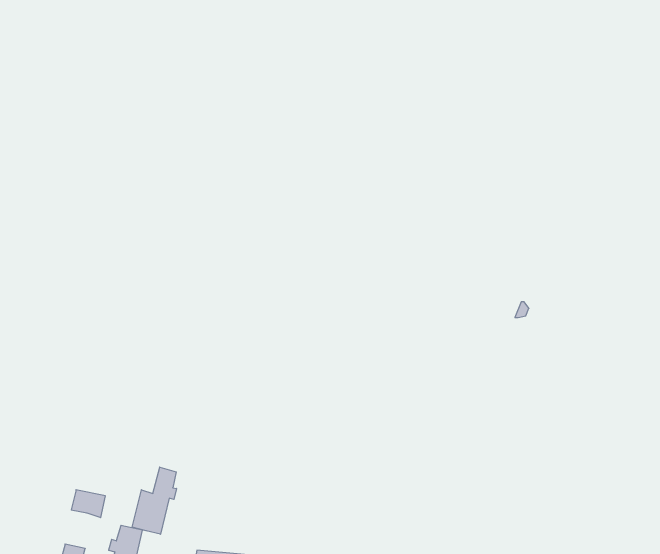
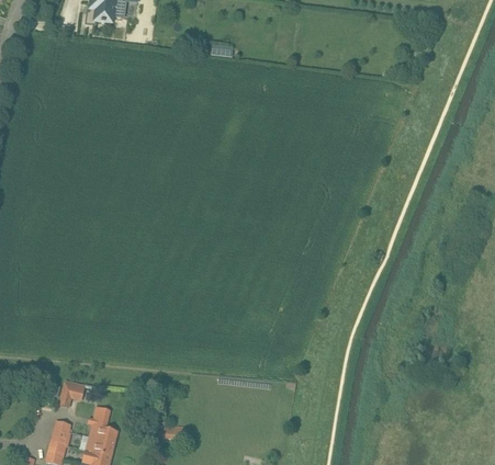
building: [132,467,176,534] -> none

